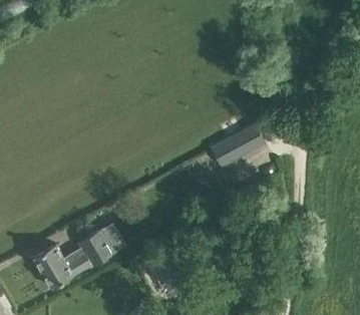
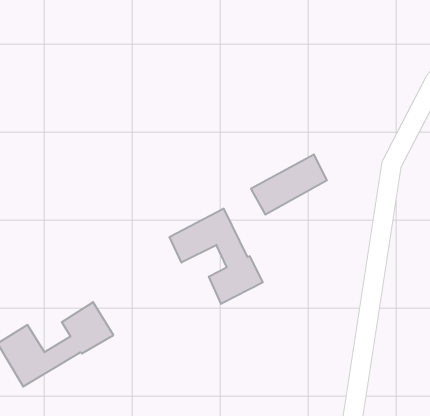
building: none -> [170,209,263,304]

